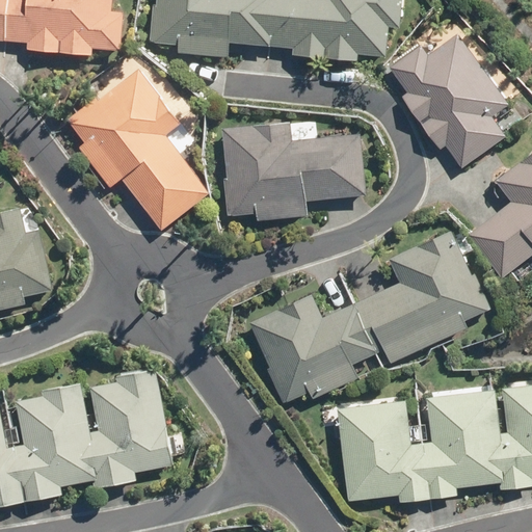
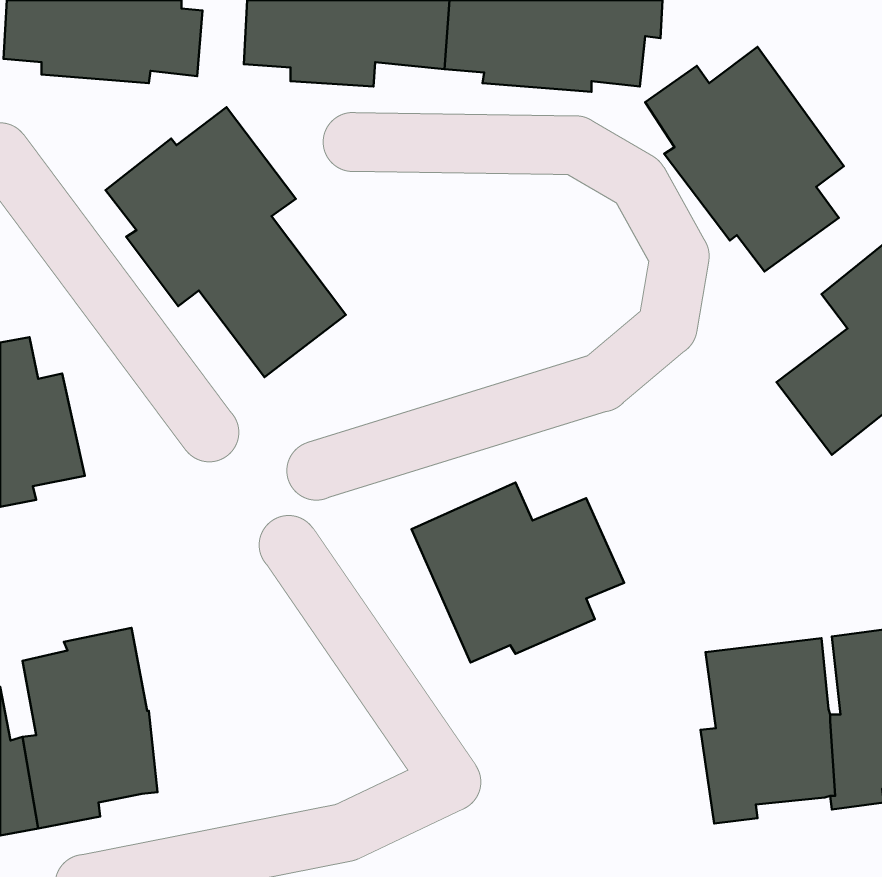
building: [220,122,365,221] -> none
building: [353,230,489,362] -> none
building: [86,369,172,489] -> none
building: [336,401,430,502] -> none

